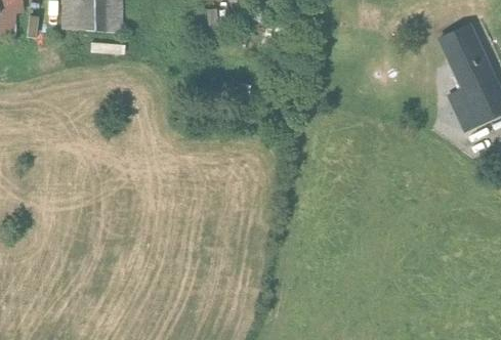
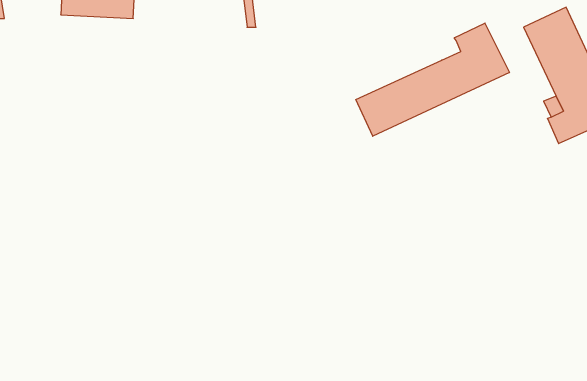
building: none -> [356,23,509,136]

